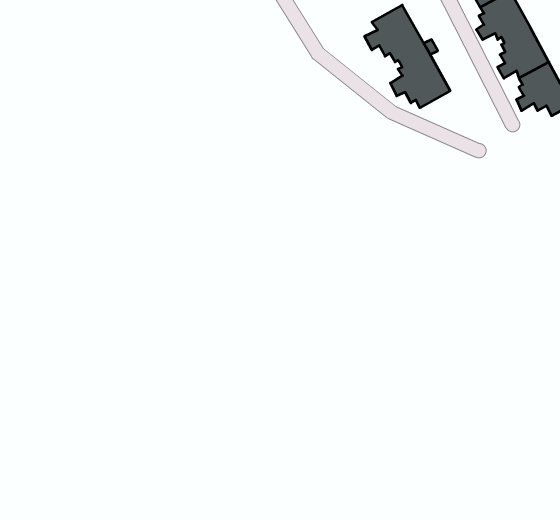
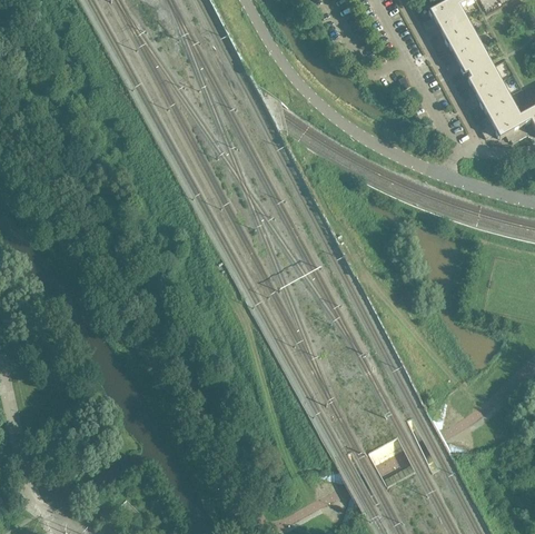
building: [365,5,450,108] -> none

